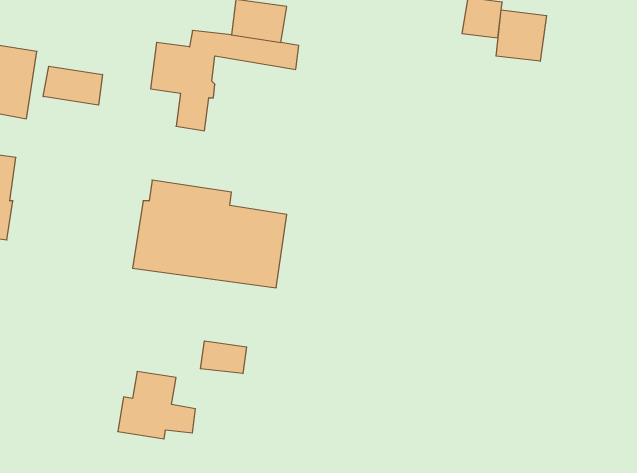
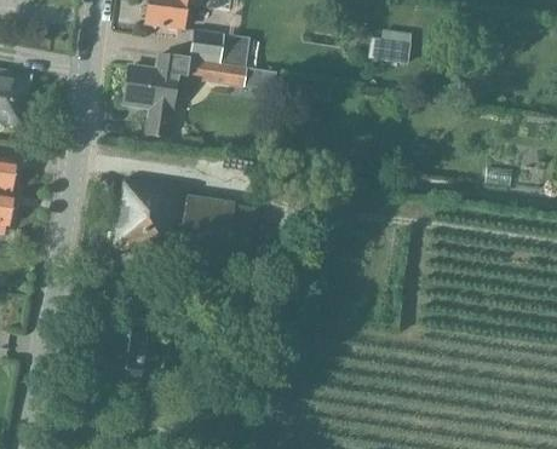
building: [496,10,547,61] -> none
building: [43,66,102,105] -> none
building: [200,341,247,374] -> none

